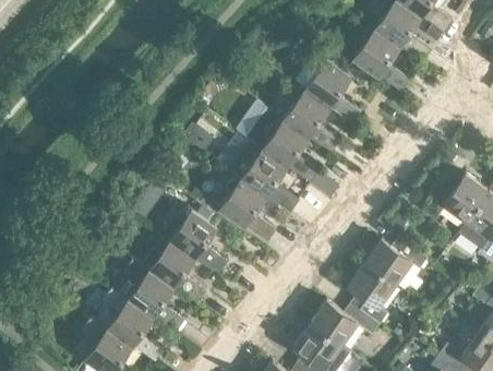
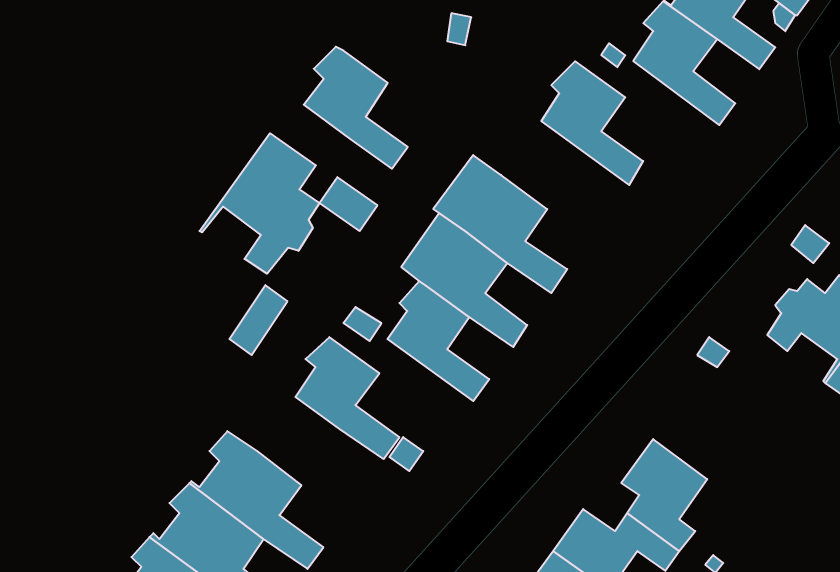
building: [282,87,339,154] -> [304,47,408,169]
building: none -> [199,133,319,274]
building: [365,236,428,285] -> none
building: [149,238,206,304] -> none

